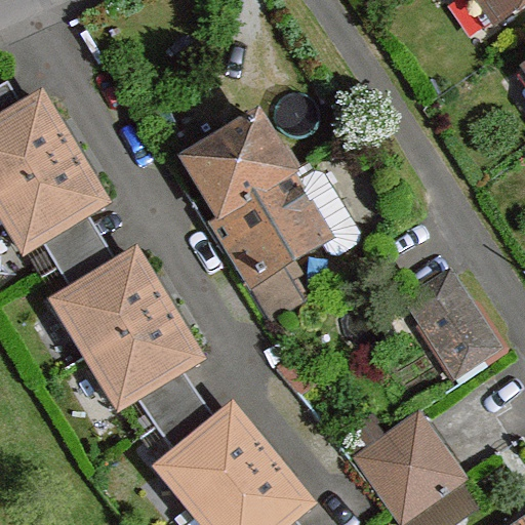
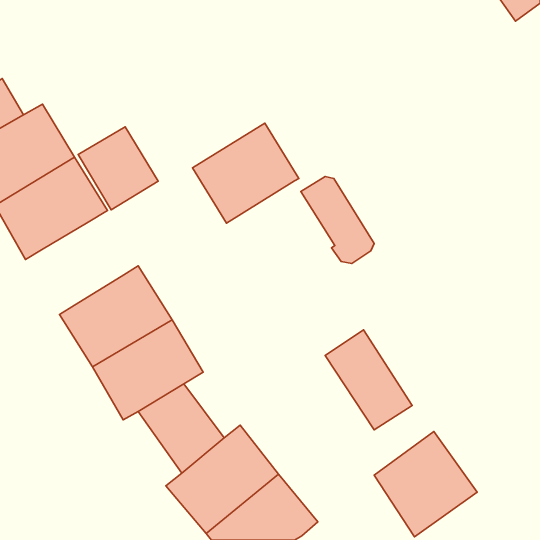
building: [218,174,323,278] -> none
building: [40,214,117,294] -> [78,127,158,210]
building: [410,275,494,371] -> [325,330,412,430]

